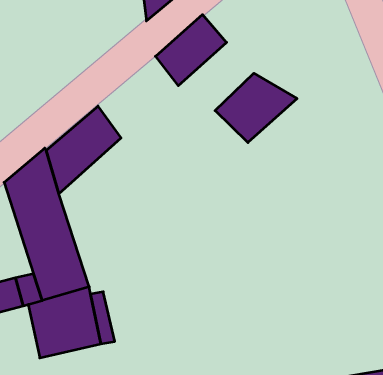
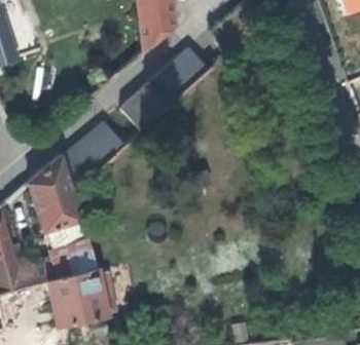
building: none -> [119,83,168,130]
building: [215,73,297,143] -> none

